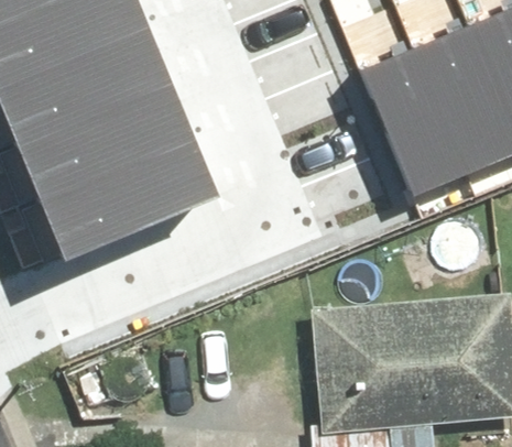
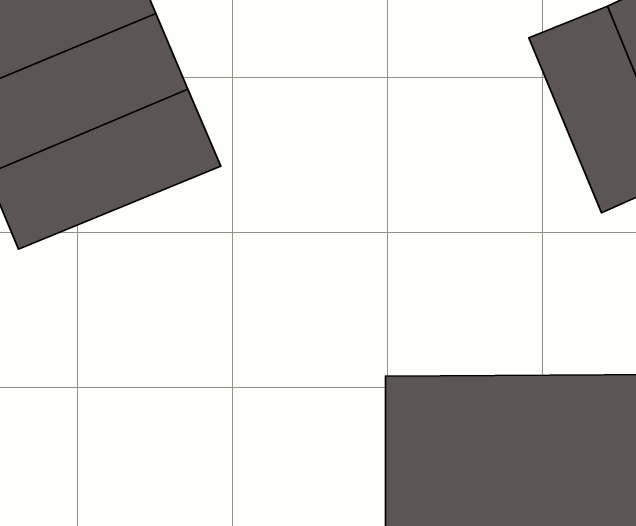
building: [360,50,470,201] -> none
building: [45,143,216,260] -> none

